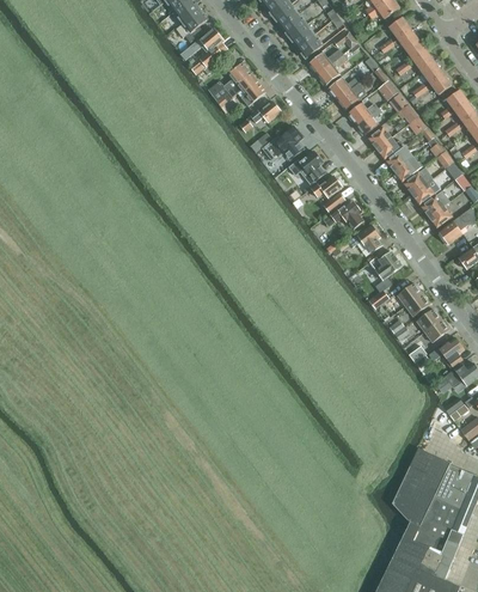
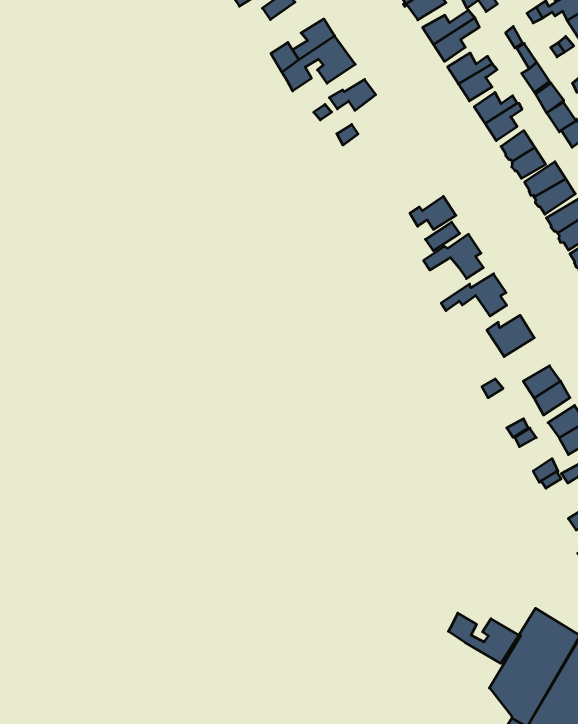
building: [269,124,304,159] -> none
building: [288,151,325,181] -> none
building: none -> [448,613,519,663]

